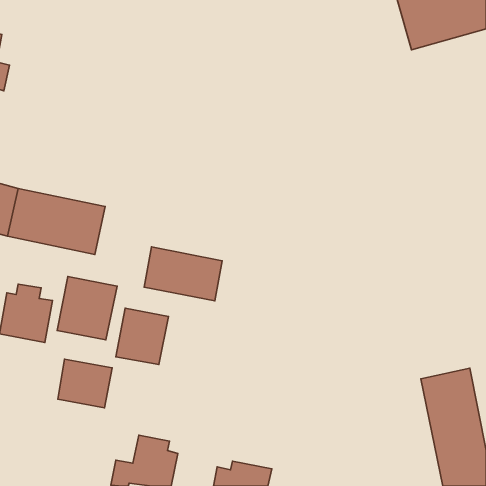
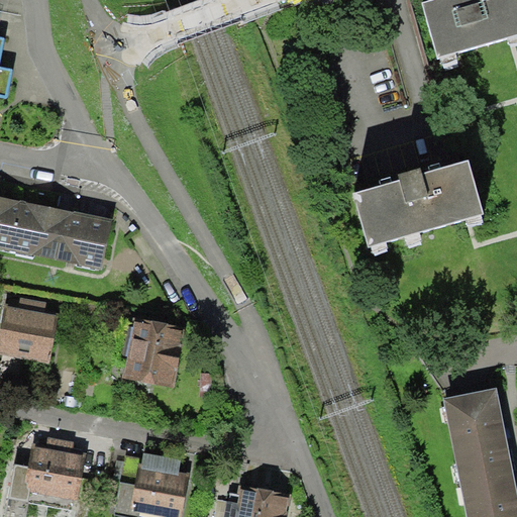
building: none -> [352,160,485,248]
building: [144,247,222,301] -> none
building: [57,277,117,340] -> none
building: [58,359,112,408] -> [24,448,82,500]

